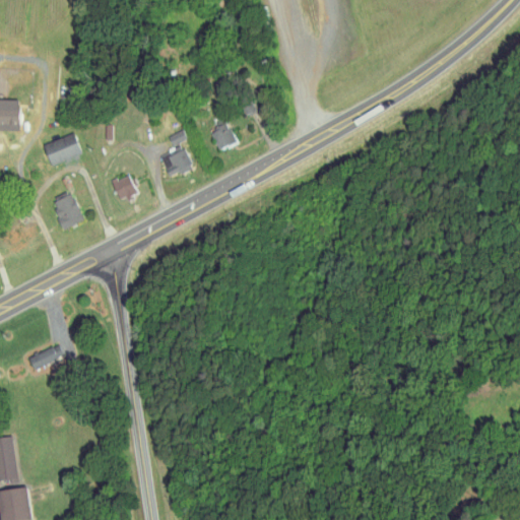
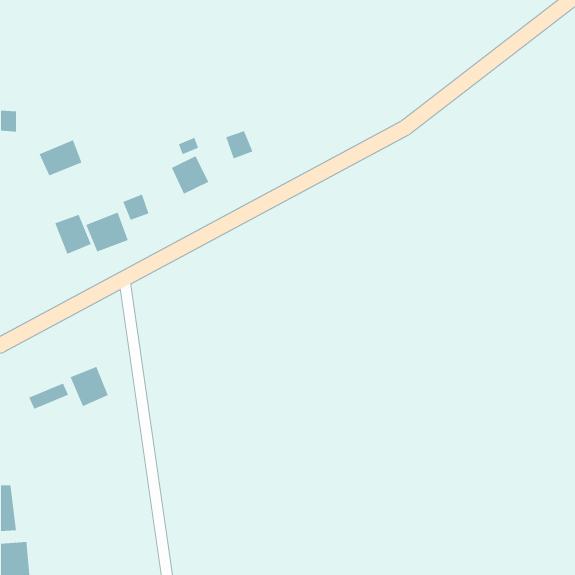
building: none -> [85,212,129,252]
building: none -> [70,366,109,407]

